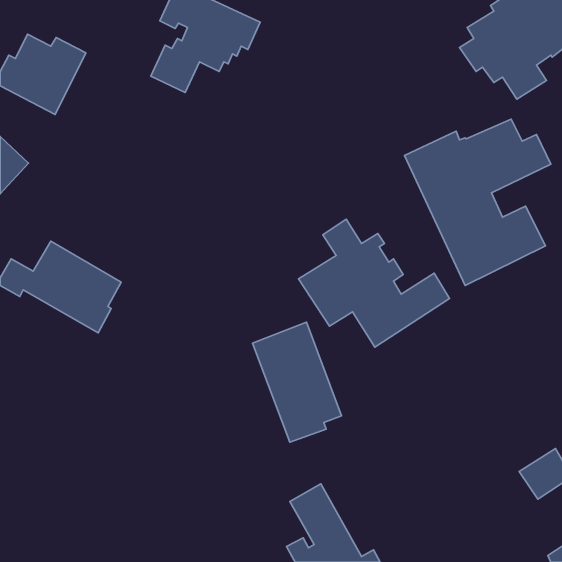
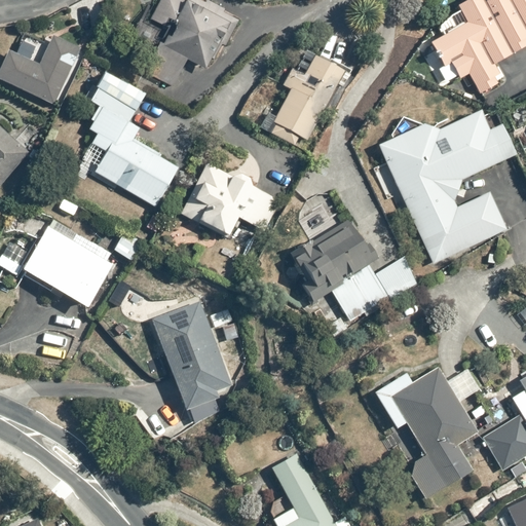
building: none -> [271,57,355,145]
building: none -> [88,72,182,208]
building: none -> [179,160,279,237]
building: [252,322,342,442] -> [151,300,234,412]
building: none -> [374,367,477,499]

